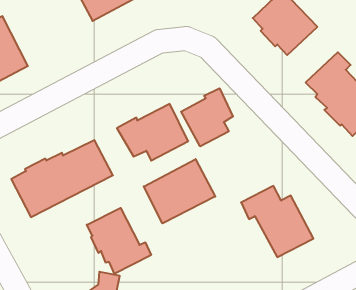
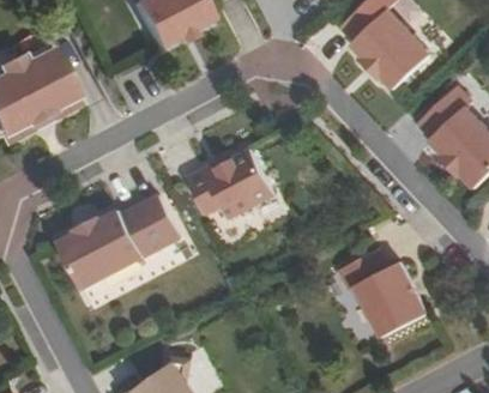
building: [181,88,233,146] -> none
building: [144,159,215,223] -> none
building: [87,208,151,274] -> none

